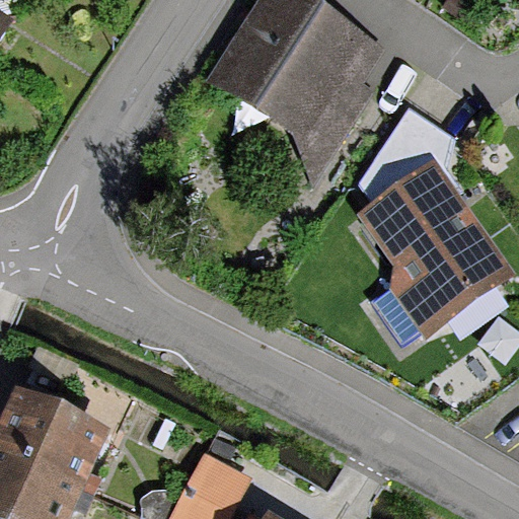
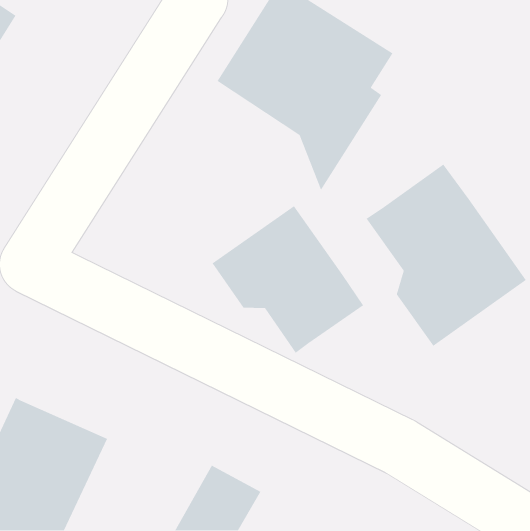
building: [359,107,461,203] -> none
building: none -> [212,205,364,354]

